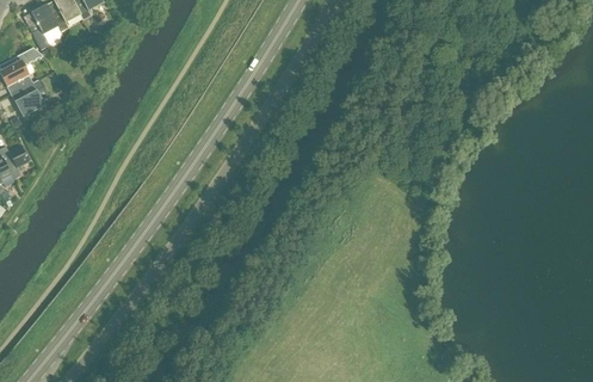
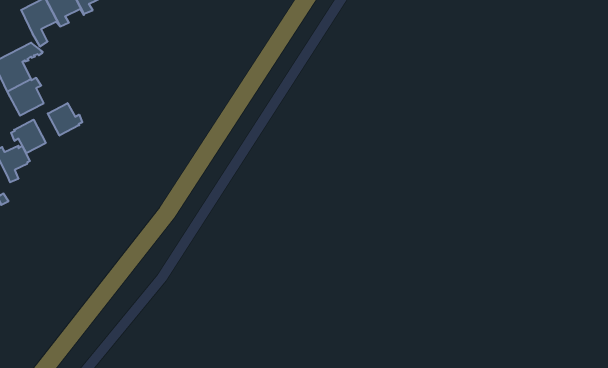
building: none -> [48,103,82,136]
building: none -> [11,120,46,153]

